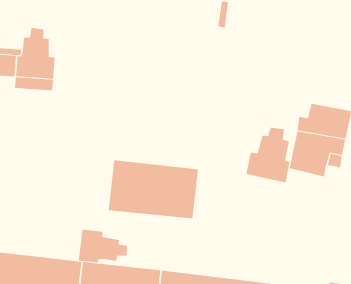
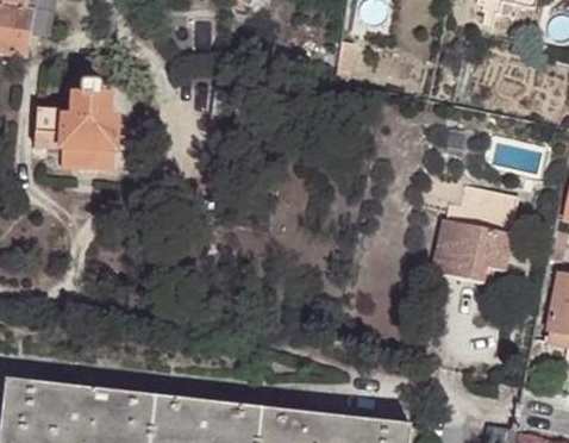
building: [246,127,290,183] -> none
building: [108,159,198,219] -> none
building: [78,229,128,263] -> none

